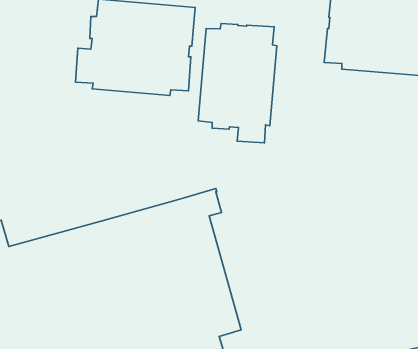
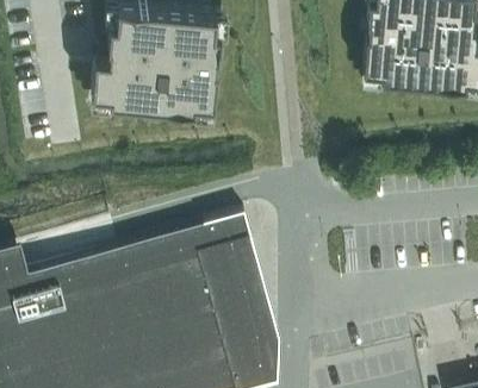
building: [198,23,277,143] -> none

